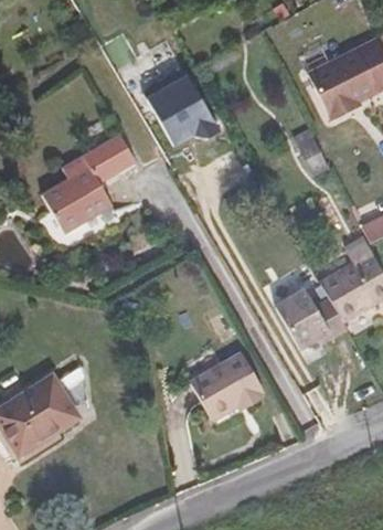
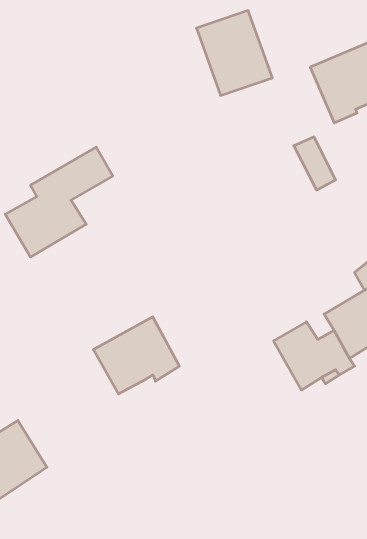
building: [146,70,212,144] -> [196,11,272,95]
building: [190,352,265,420] -> [93,317,179,394]

